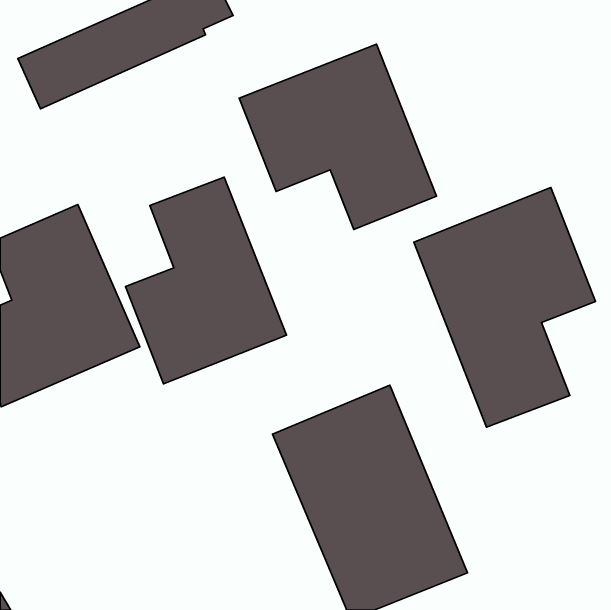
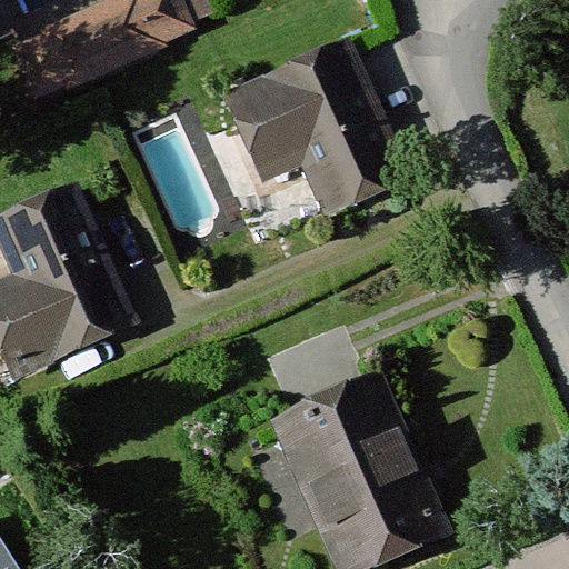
building: [126,177,286,384] -> none
building: [414,188,595,427] -> none

